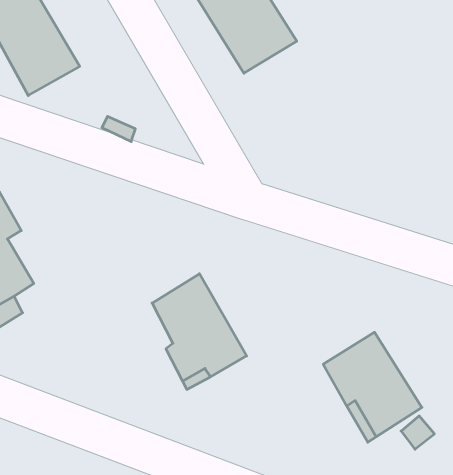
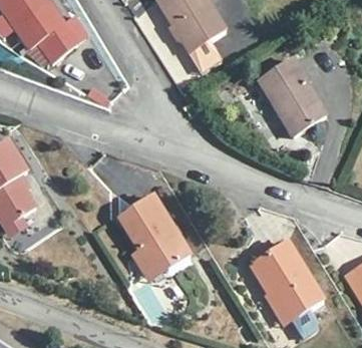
building: none -> [256,57,325,136]

